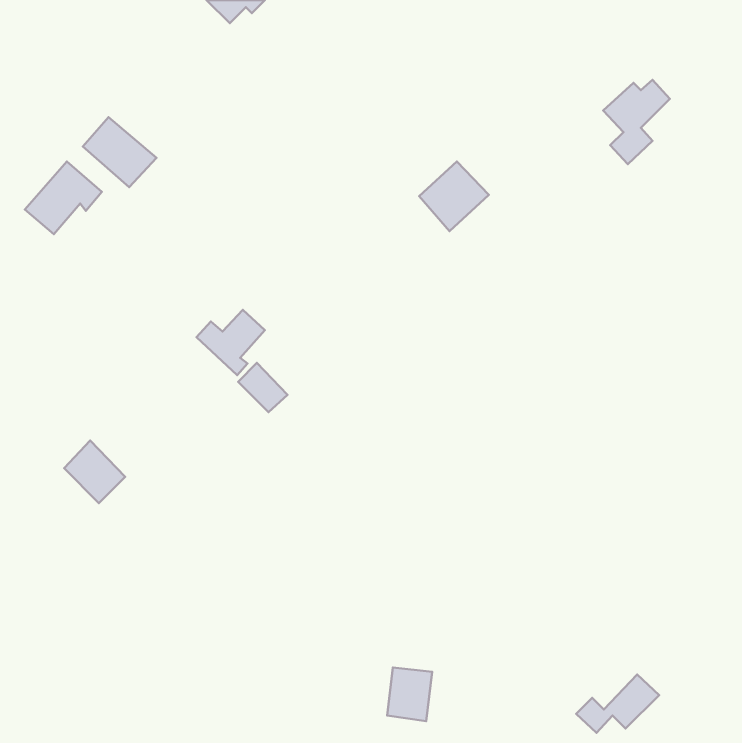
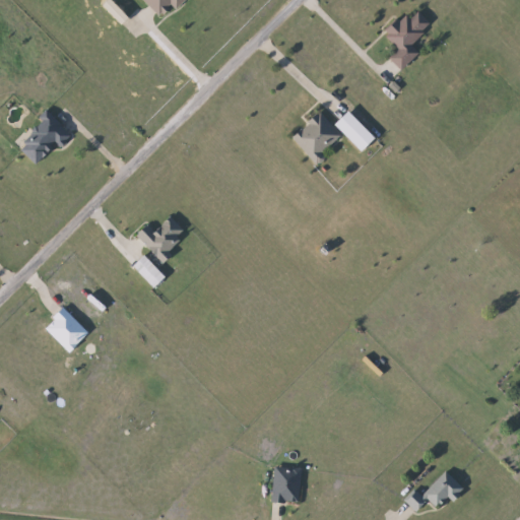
building: [603,80,670,164] -> [384,11,431,70]
building: [83,117,156,187] -> none
building: none -> [335,111,376,151]
building: [238,363,287,412] -> [131,254,166,288]

